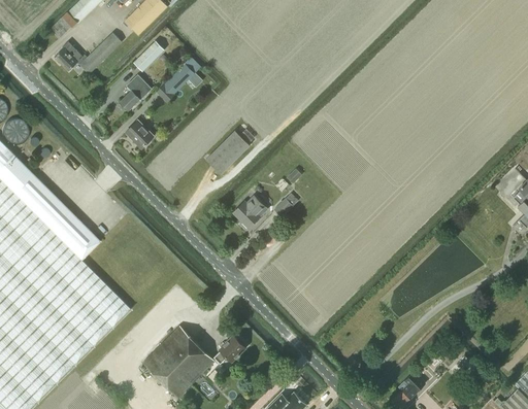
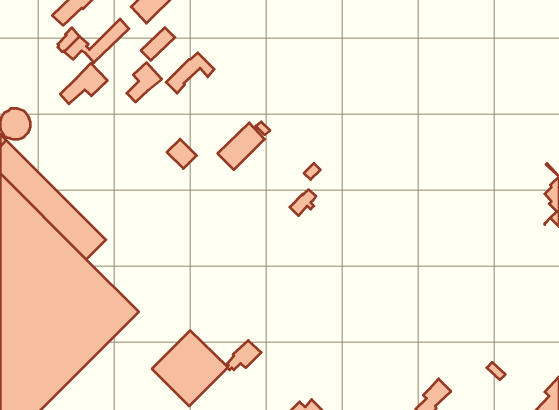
building: none -> [60,63,107,104]
building: [126,120,154,147] -> [167,139,197,169]
building: [233,195,265,228] -> none

